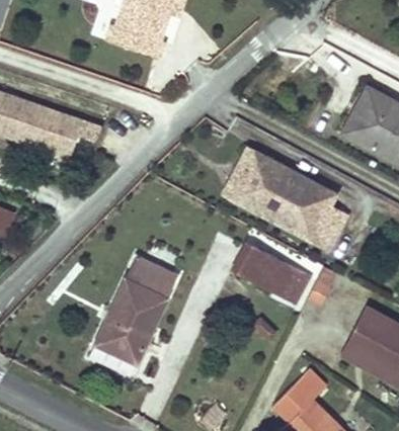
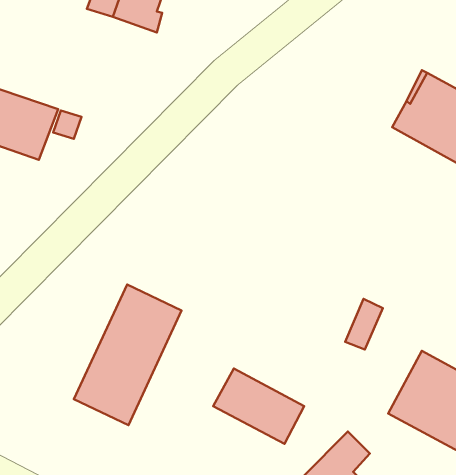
building: [224,147,346,247] -> none
building: [236,244,307,303] -> [213,368,304,444]

